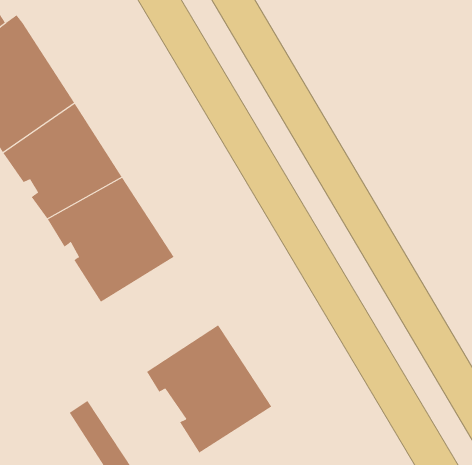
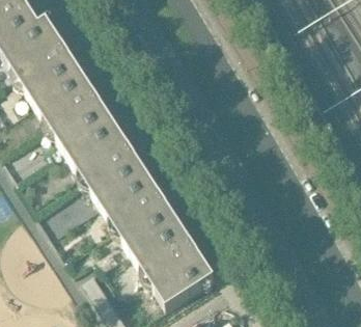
building: none -> [101,174,178,250]

